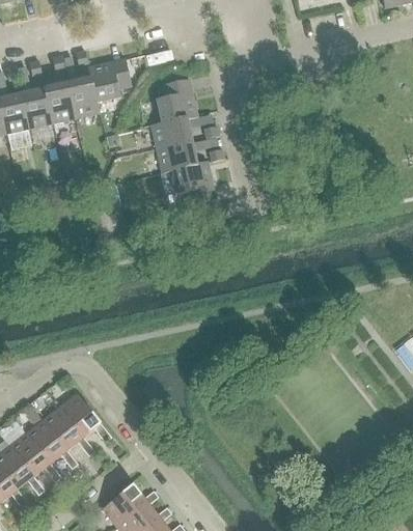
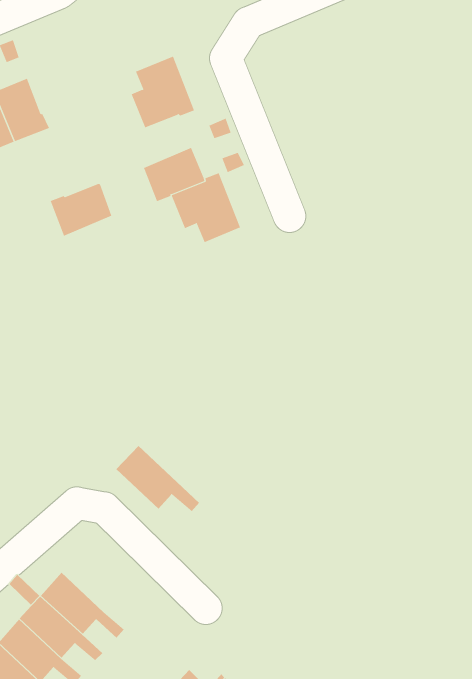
building: [87,60,131,104] -> none
building: [152,119,191,150] -> [50,183,112,236]
building: [59,394,111,444] -> [116,445,200,512]

